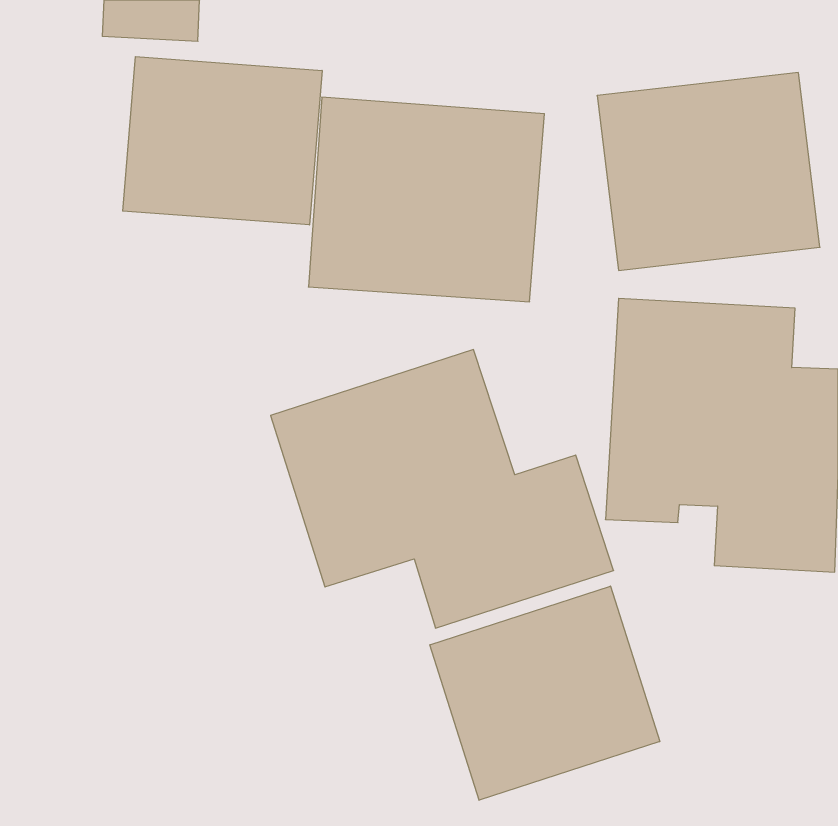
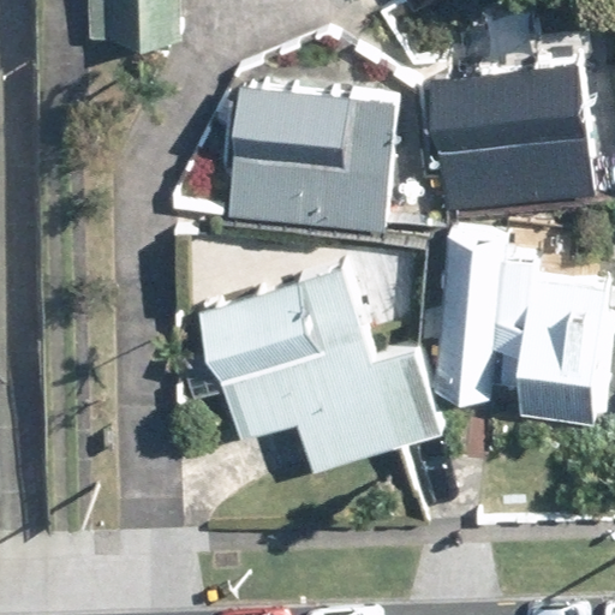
building: [123,57,322,225] -> none
building: [430,586,660,800] -> none

